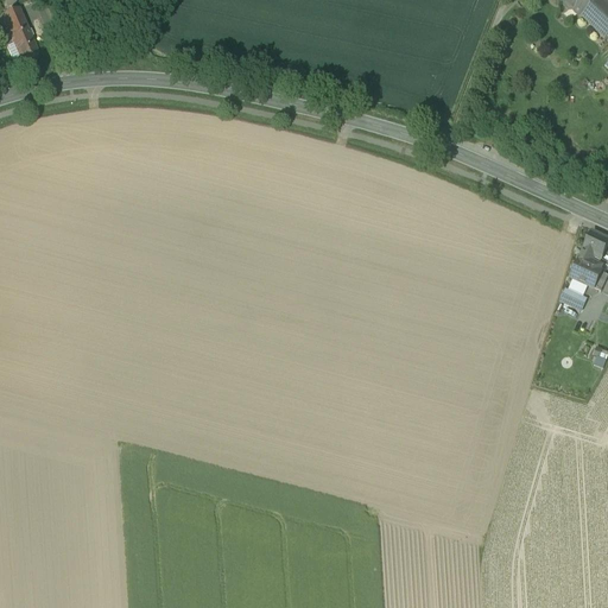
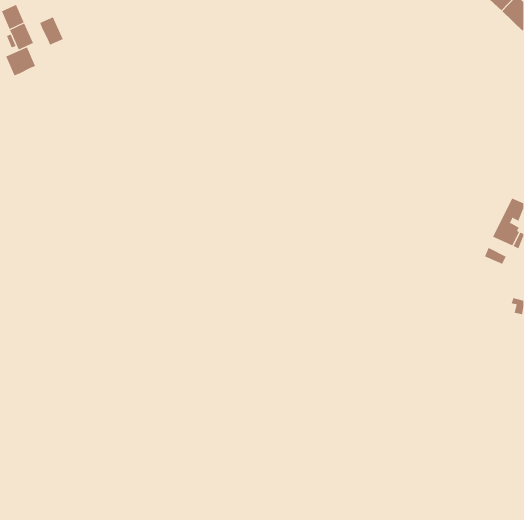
building: none -> [39,16,64,45]
building: none -> [5,46,36,76]

